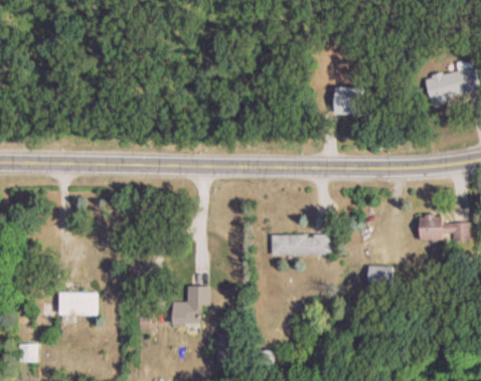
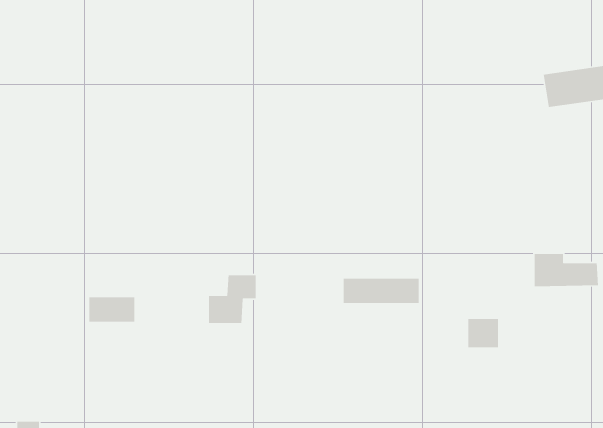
building: [333,89,363,115] -> none
building: [172,285,209,324] -> [208,274,256,324]
building: [60,294,97,314] -> [88,296,135,322]

